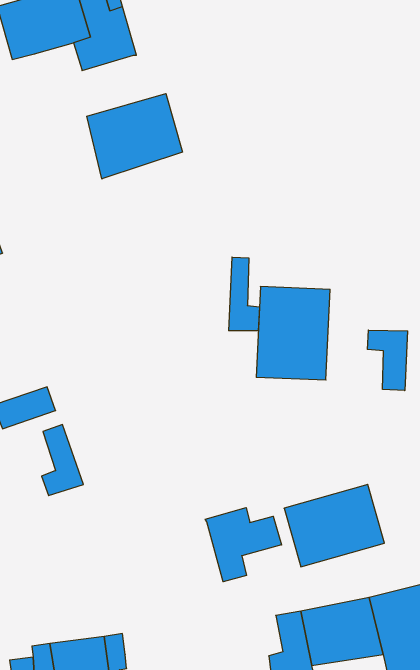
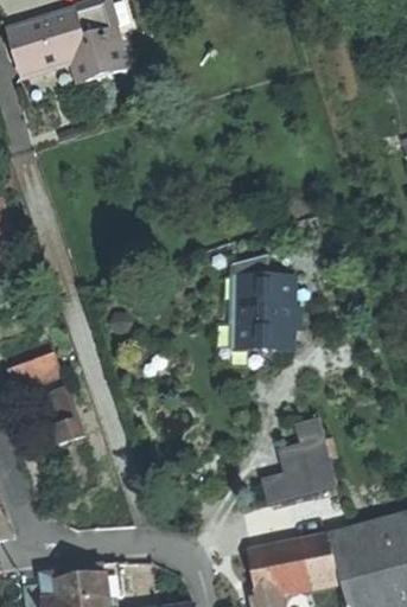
building: [87,94,183,179] -> none
building: [229,257,259,331] -> none
building: [367,330,408,391] -> none
building: [205,508,282,582] -> none

